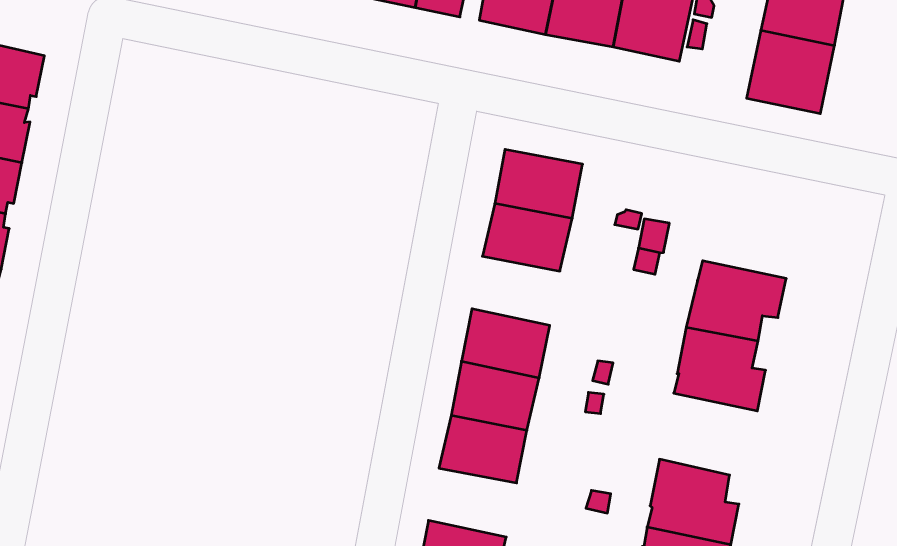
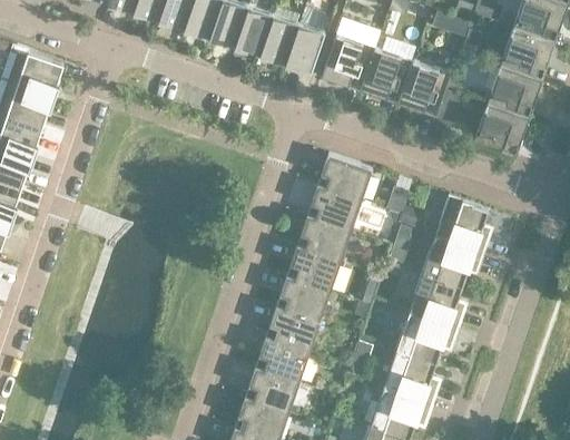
building: none -> [434,196,490,253]
building: none -> [295,217,350,263]
building: none -> [394,312,455,364]
building: none -> [254,339,308,384]

